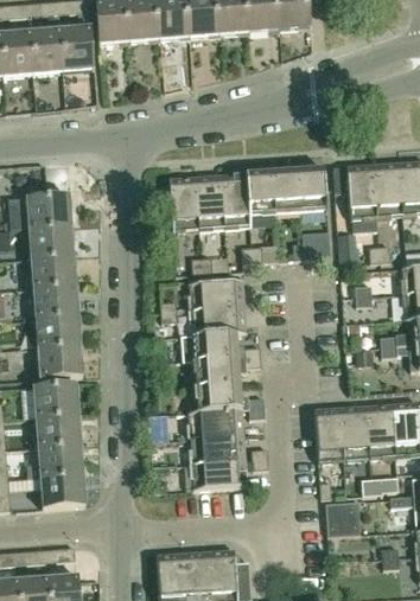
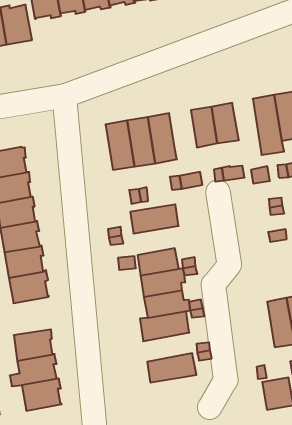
building: [247,170,275,216] -> none
building: [190,306,247,335] -> none
building: [32,383,81,416] -> none
building: [314,407,344,463] -> none
building: [189,434,246,463] -> none

